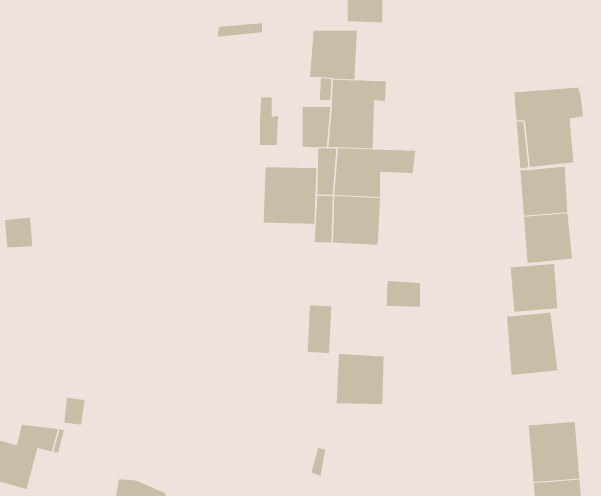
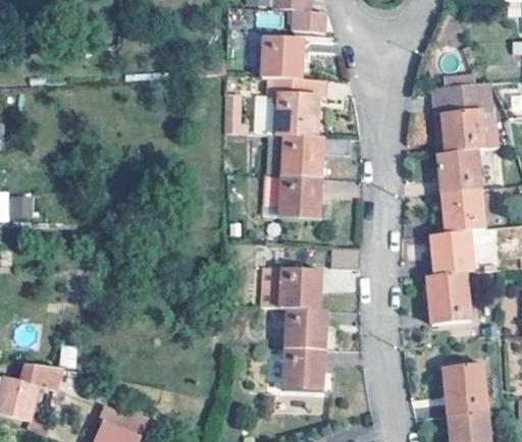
building: [263,166,317,224] -> none
building: none -> [279,267,320,309]
building: none -> [283,348,324,389]

